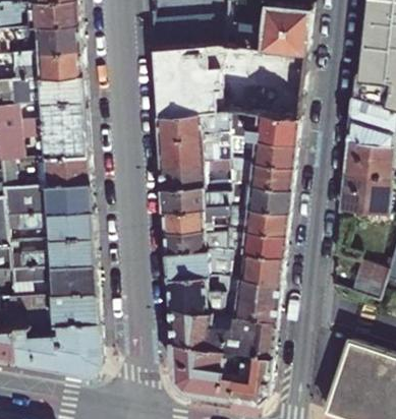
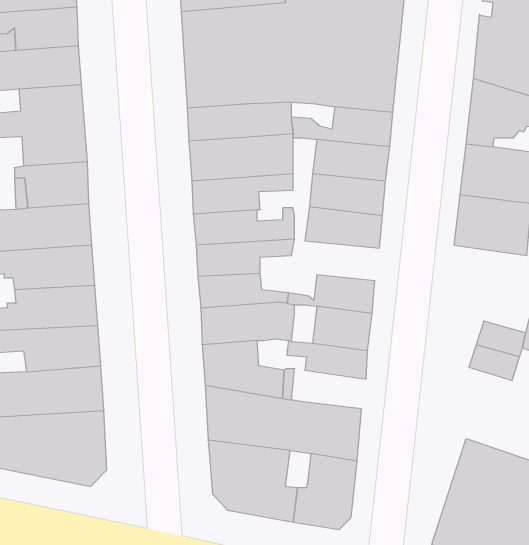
building: [226,205,288,234] -> none
building: [234,295,279,321] -> none

